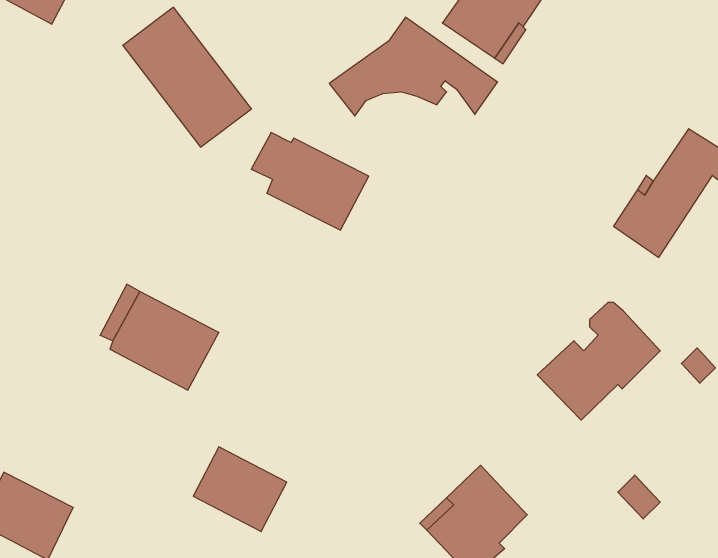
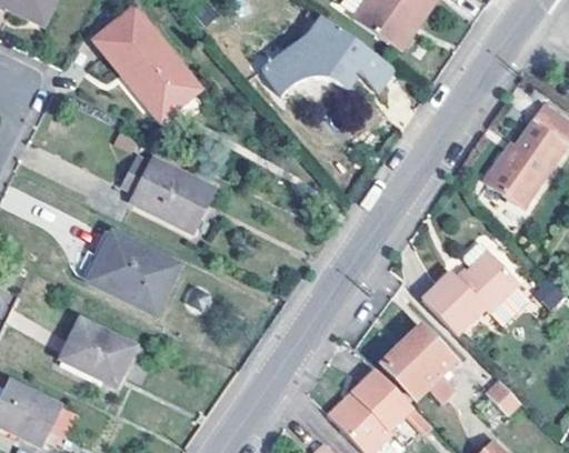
building: [251,132,369,230] -> [120,153,212,230]
building: none -> [382,322,456,400]
building: [193,447,287,532] -> [59,315,132,382]

